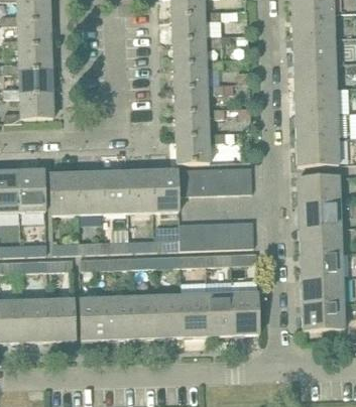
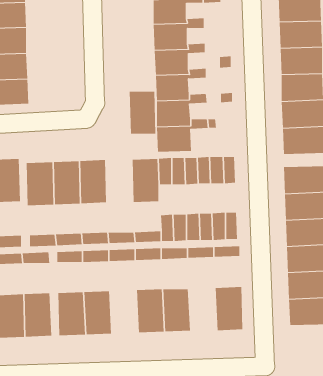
building: [127,170,153,212] -> [129,91,156,134]
building: [207,293,234,334] -> none
building: [131,295,158,337] -> none

